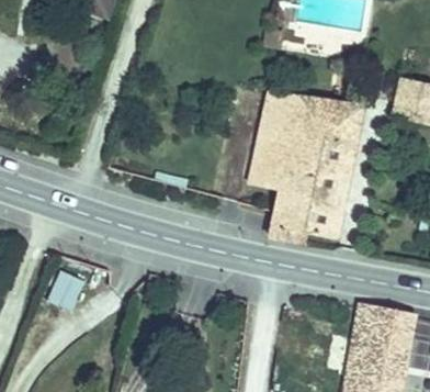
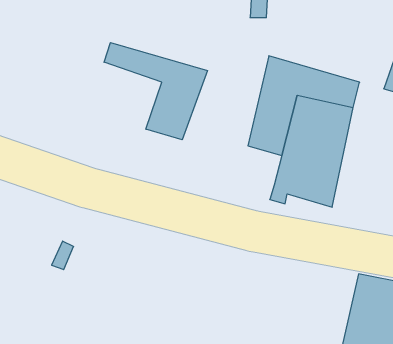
building: none -> [104,43,208,140]

